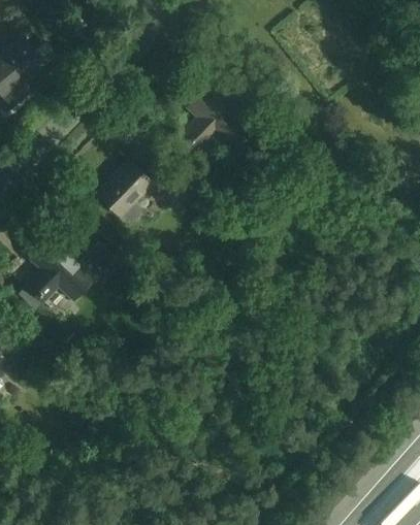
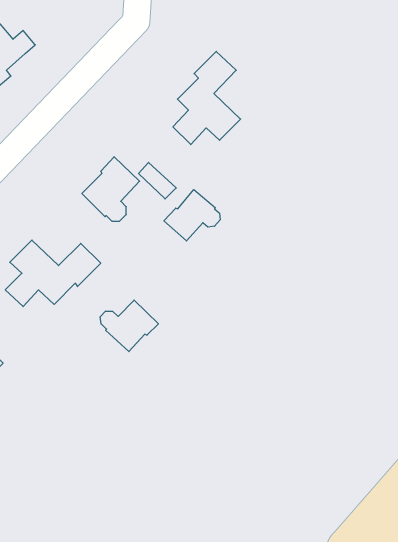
building: none -> [164,190,220,241]
building: none -> [100,300,158,352]

